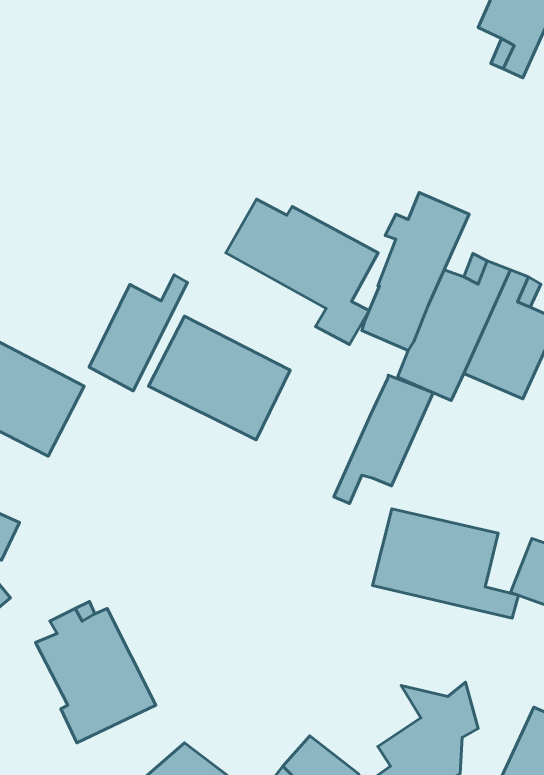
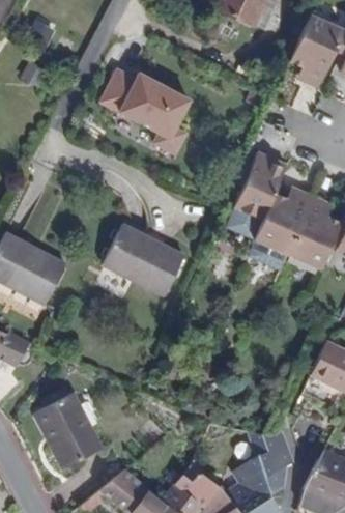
building: [226,199,378,344] -> [104,68,192,152]
building: [89,275,187,391] -> none
building: [334,375,433,504] -> none
building: [372,509,518,618] -> none

